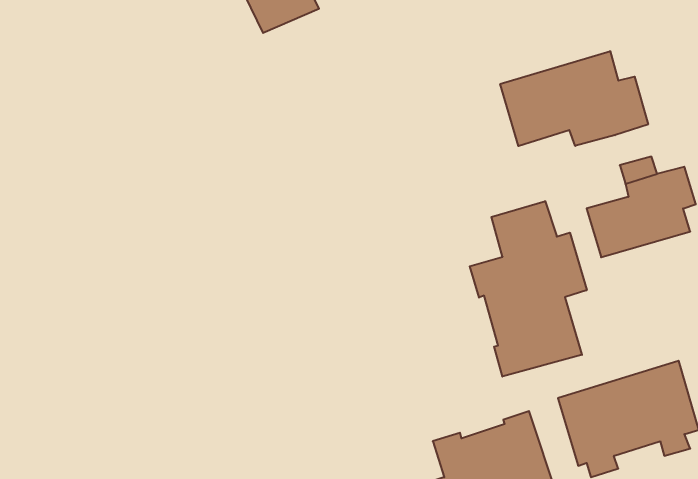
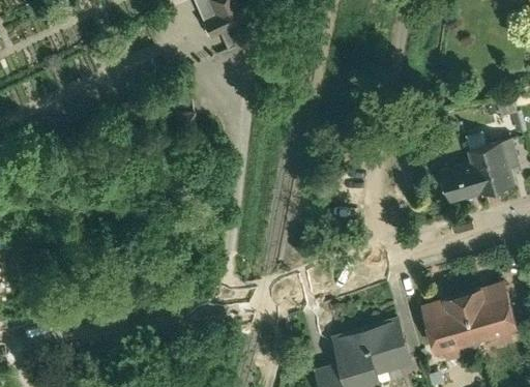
building: [500,51,648,146] -> none
building: [470,201,587,377] -> none

